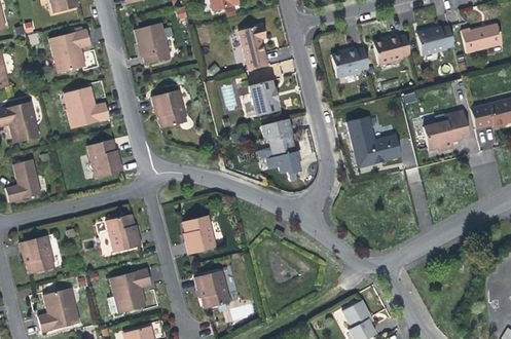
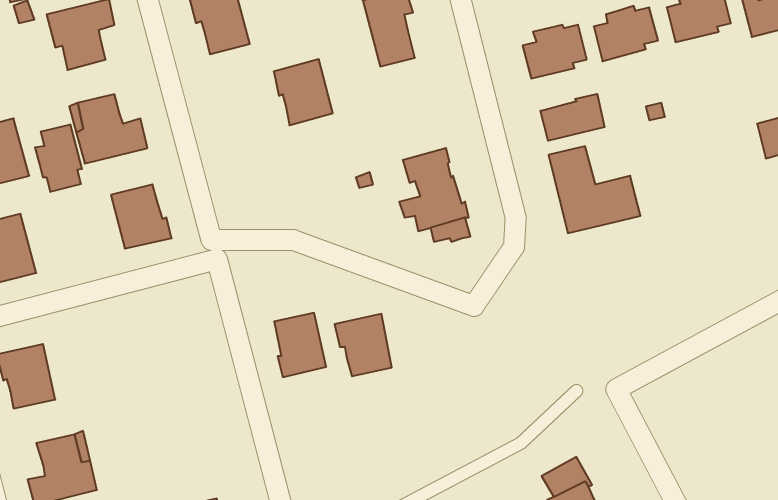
building: [246,82,277,117] -> none
building: none -> [540,94,605,141]
building: [151,89,186,128] -> [274,59,333,125]
building: none -> [35,124,82,192]
building: [423,112,467,152] -> none
building: [106,214,141,253] -> none
building: [110,268,150,309] -> none
building: [194,269,228,306] -> [335,314,392,376]

